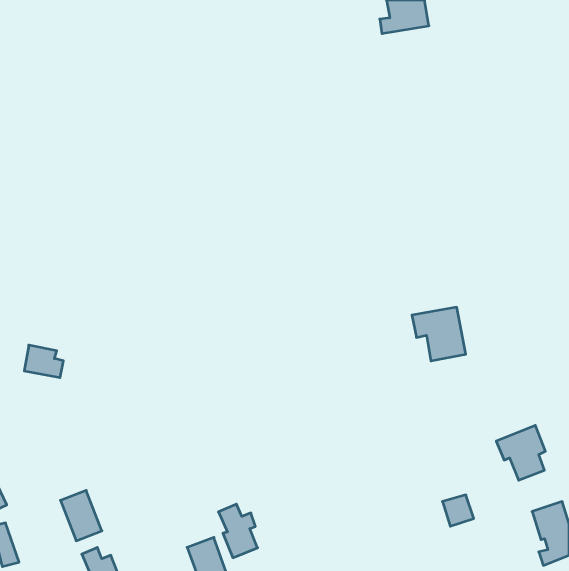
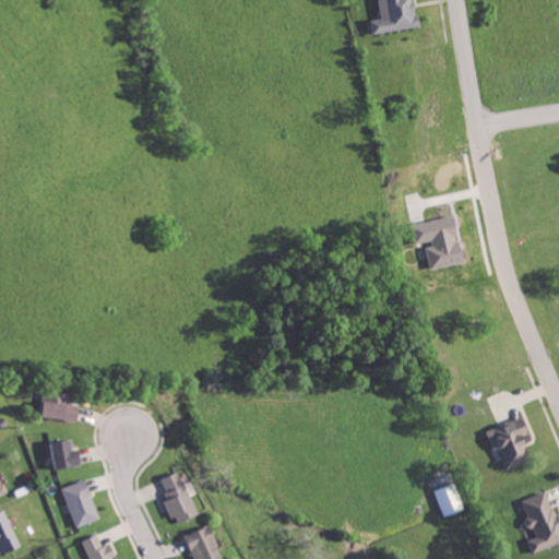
building: [412,307,466,361] -> [411,216,463,269]
building: [24,345,63,378] -> [41,391,80,423]
building: none -> [52,440,84,468]
building: [218,504,258,558] -> [158,472,197,524]

